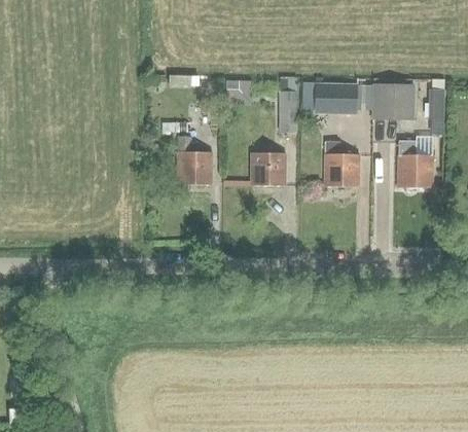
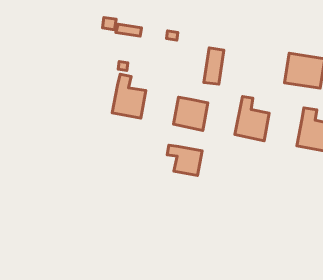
building: [314,80,356,111] -> none
building: none -> [167,145,202,176]

